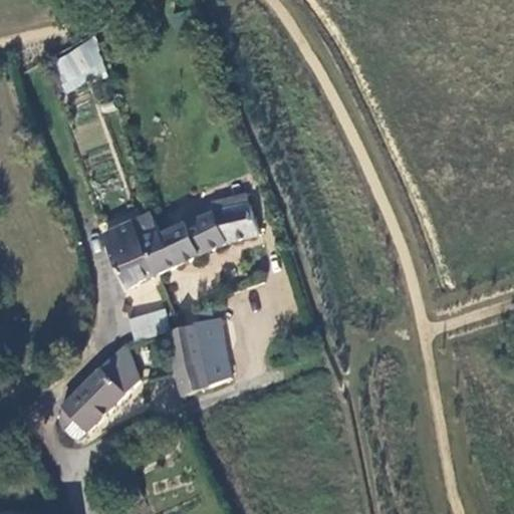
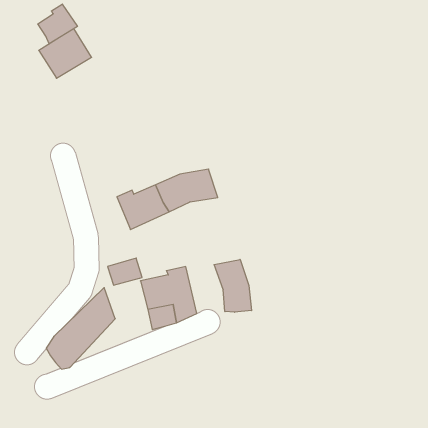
building: none -> [38,4,77,44]
building: [102,210,158,288] -> none
building: none -> [214,259,252,312]

